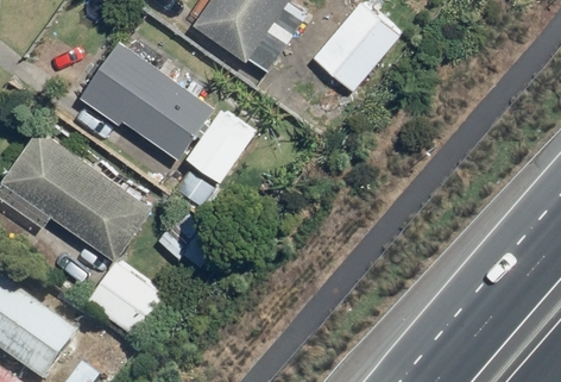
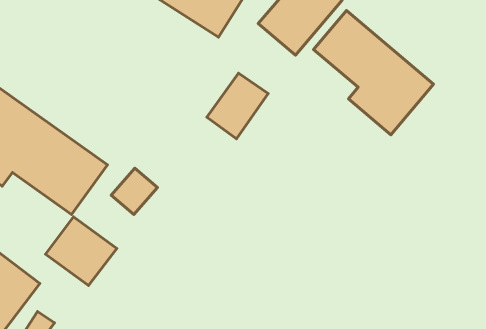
building: [78,43,214,161] -> none
building: none -> [314,10,434,135]
building: [189,112,253,181] -> [207,73,268,139]

